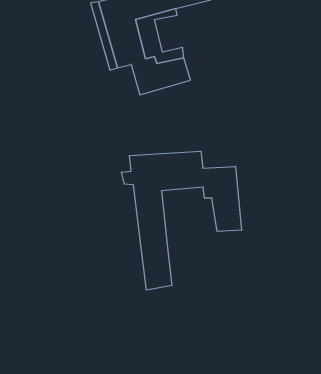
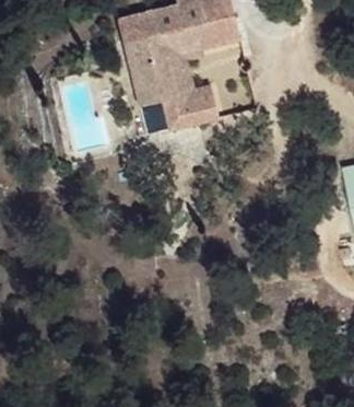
building: [122,151,242,290] -> none

